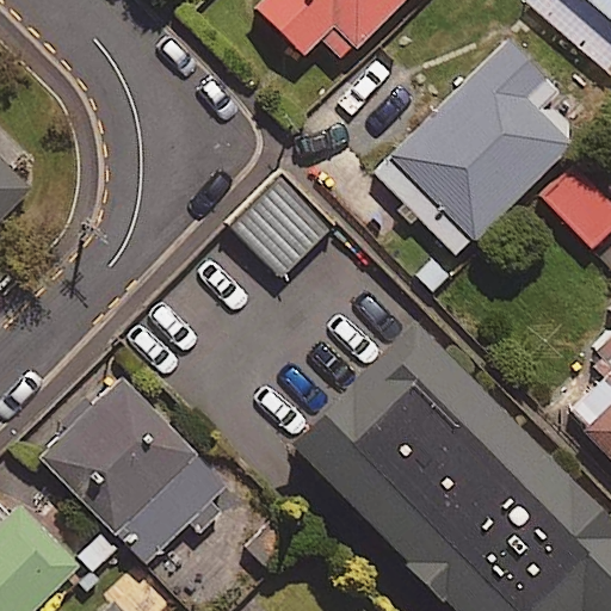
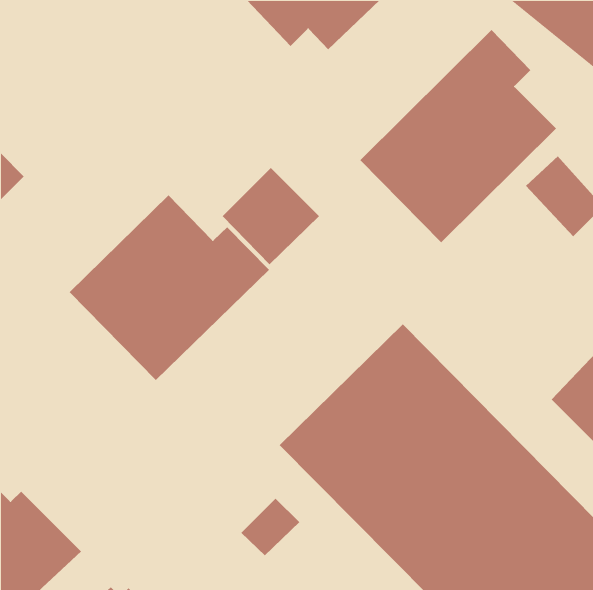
building: none -> [69,195,270,381]
building: [45,379,235,570] -> none

